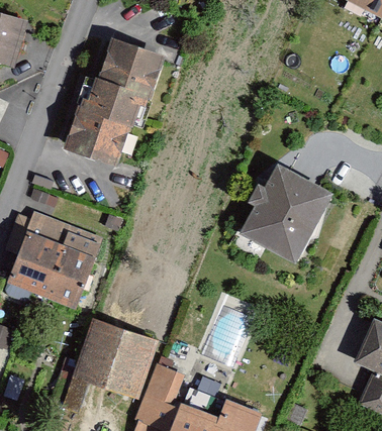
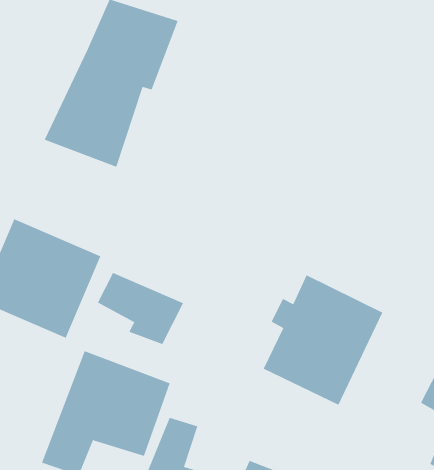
building: [237,161,330,262] -> [263,275,383,405]
building: none -> [97,272,184,345]

